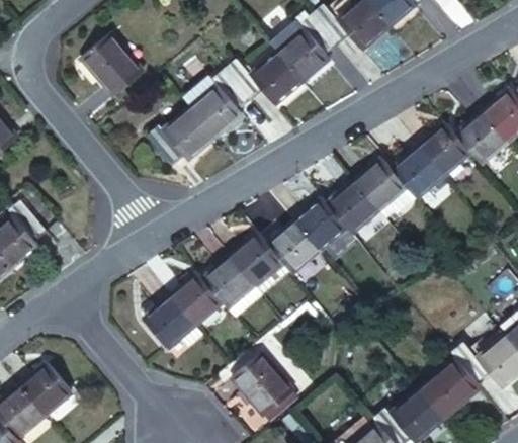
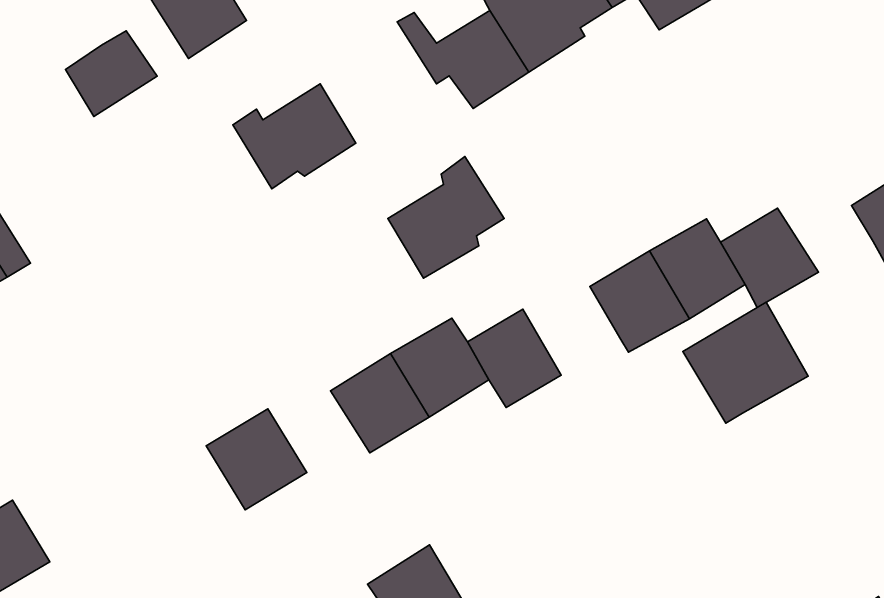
building: [174,78,235,145] -> [388,157,504,278]
building: none -> [65,31,157,116]
building: [423,124,476,176] -> none
building: [297,195,351,250] -> none
building: none -> [683,302,808,423]
building: [172,270,224,321] -> none

